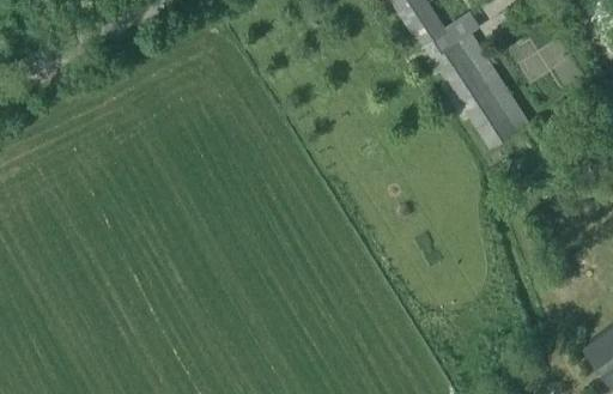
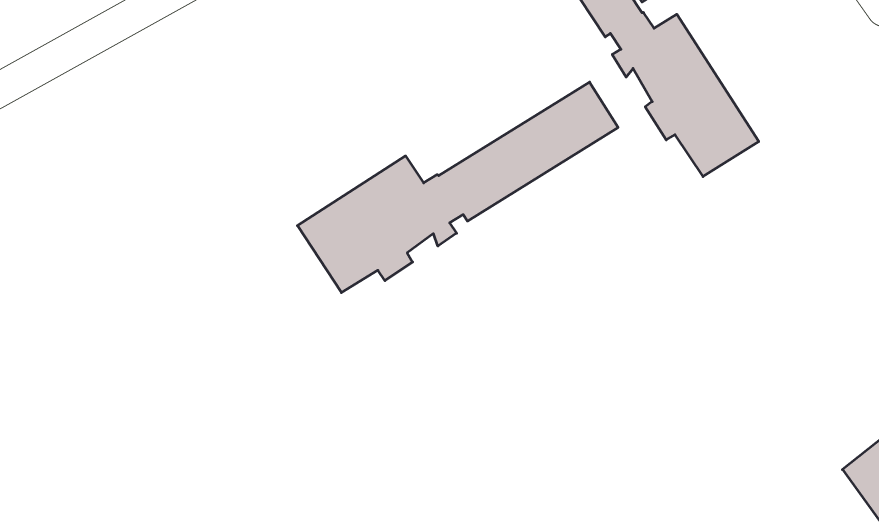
building: none -> [297,82,618,293]

